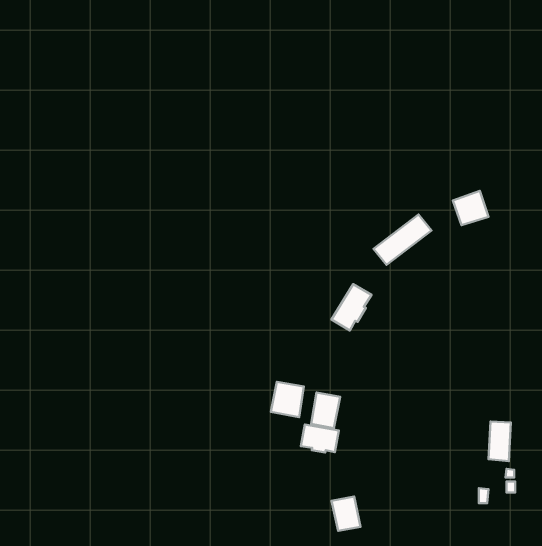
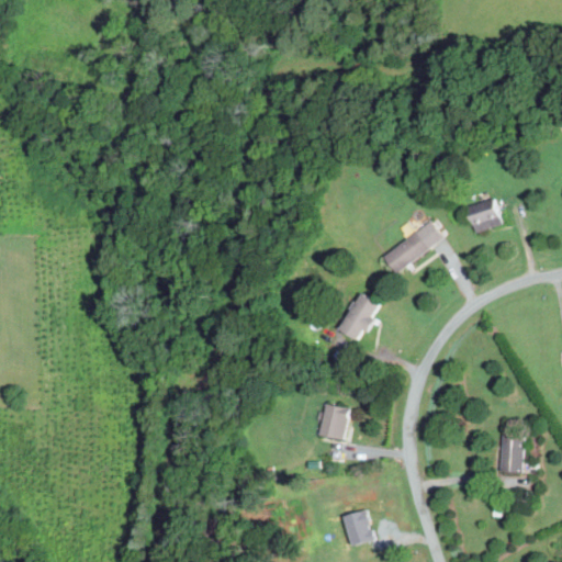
building: [271,382,304,417] -> none
building: [301,424,339,453] -> none

